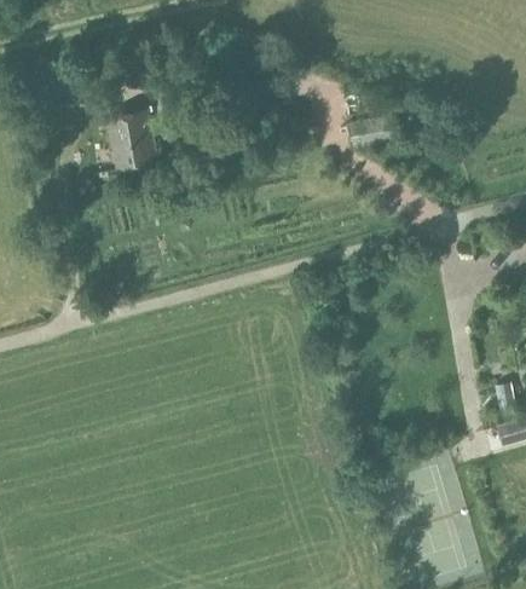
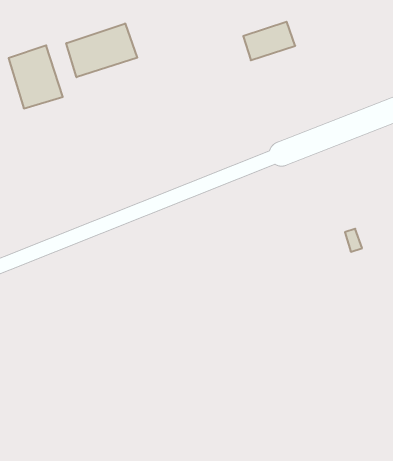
building: none -> [66,23,137,77]

